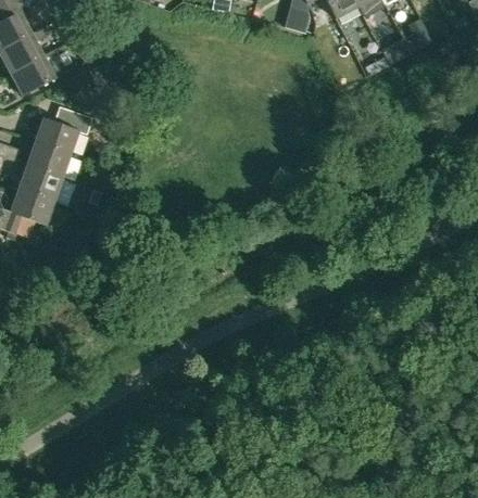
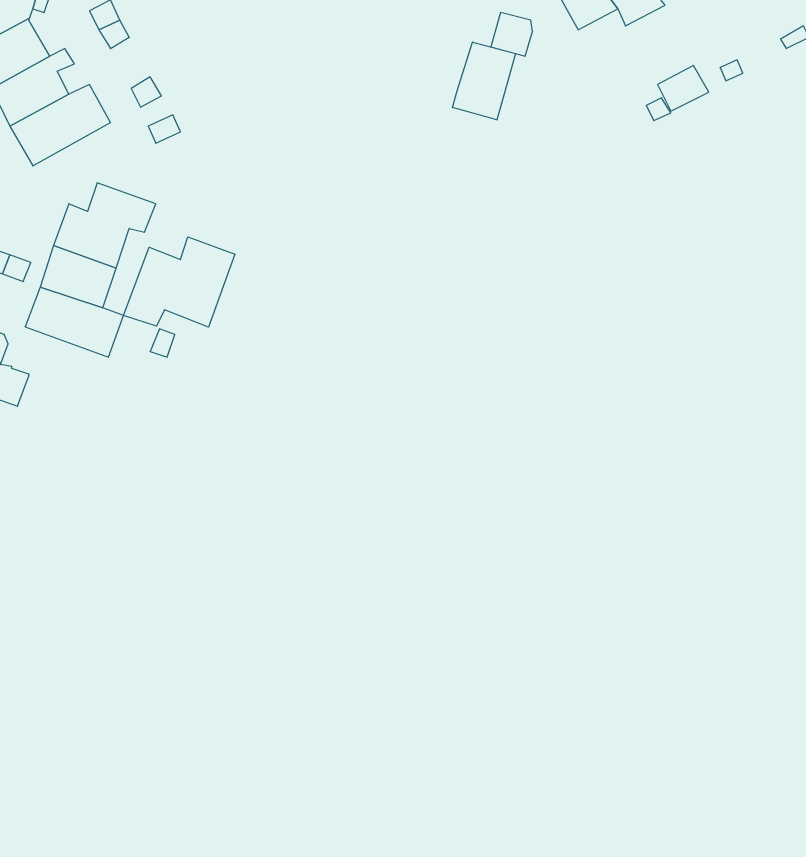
building: none -> [452,42,515,120]
building: none -> [124,237,235,327]
building: [10,189,53,226] -> none

